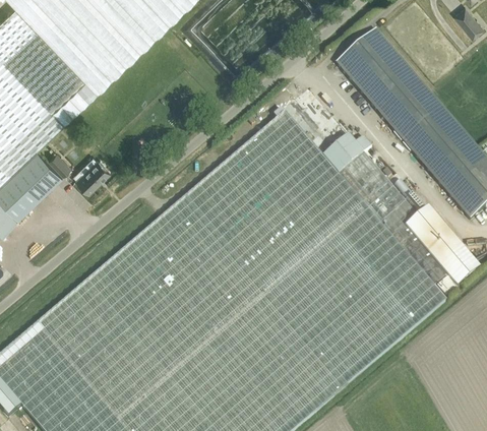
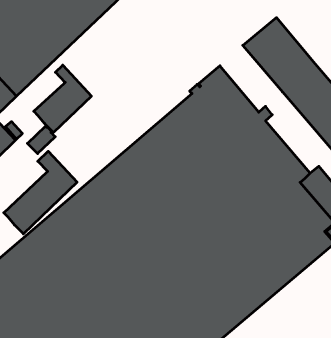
building: none -> [34,65,91,132]
building: none -> [4,151,77,234]

